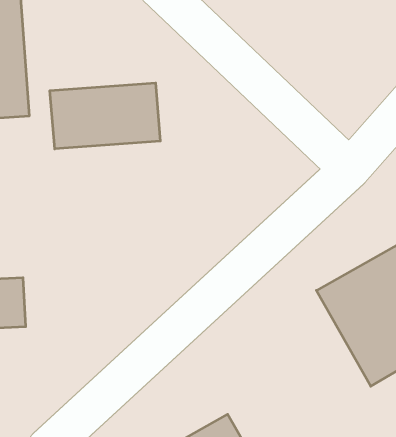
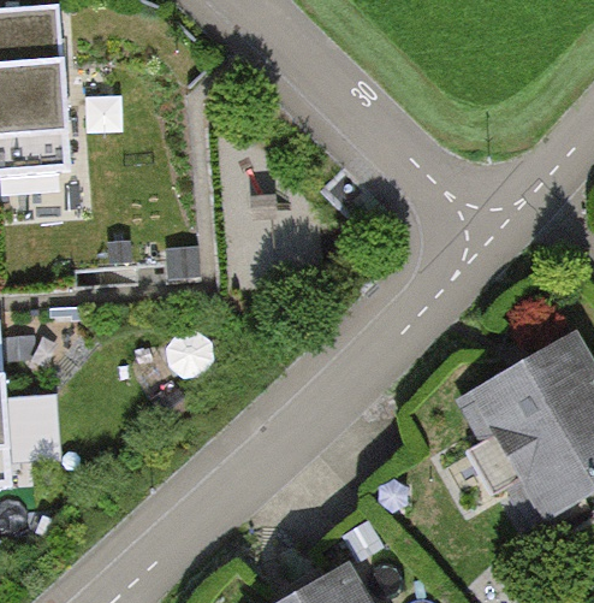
building: [50,83,160,149] -> none

